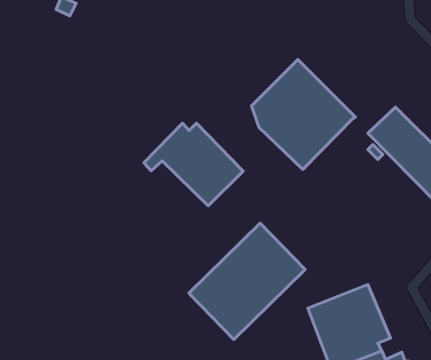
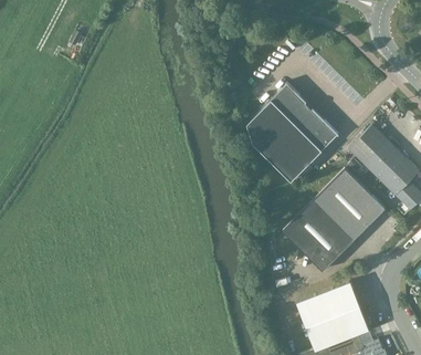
building: [144,123,243,206] -> none
building: [189,223,305,339] -> [283,168,386,271]

